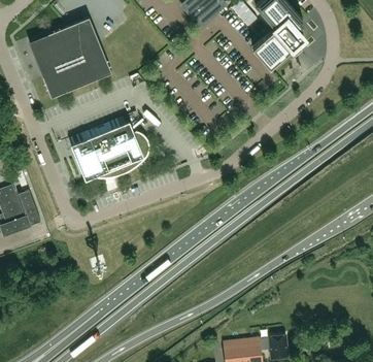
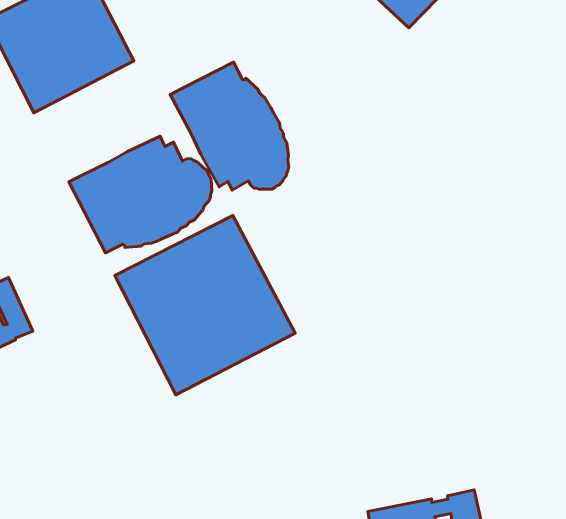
building: none -> [170,62,289,190]
building: none -> [115,216,295,395]

